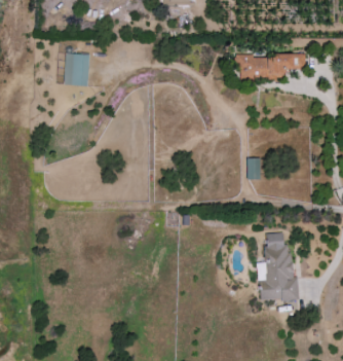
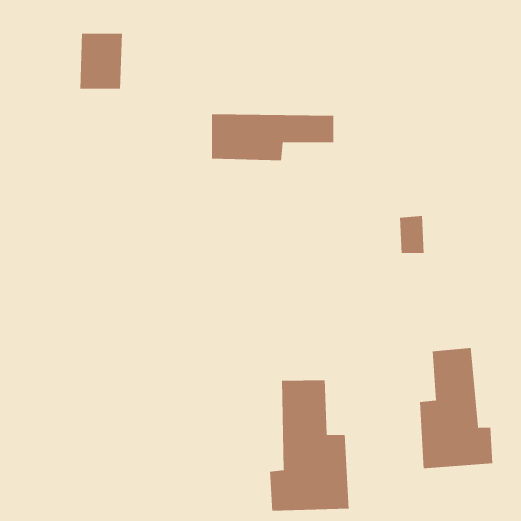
building: [236,53,306,80] -> [211,114,334,161]
building: none -> [269,379,349,512]

